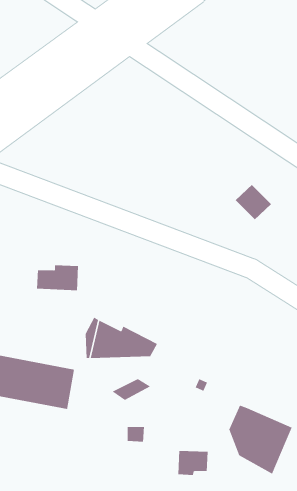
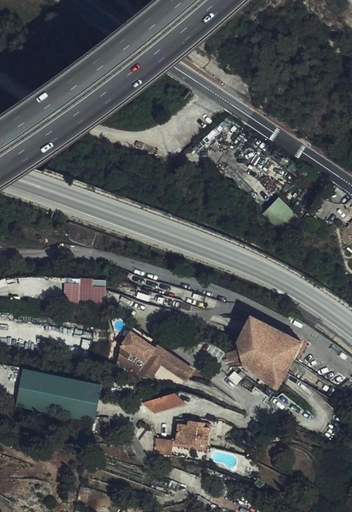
building: [229,405,293,474] -> [235,320,299,390]
building: [178,451,209,476] -> [176,418,207,443]

